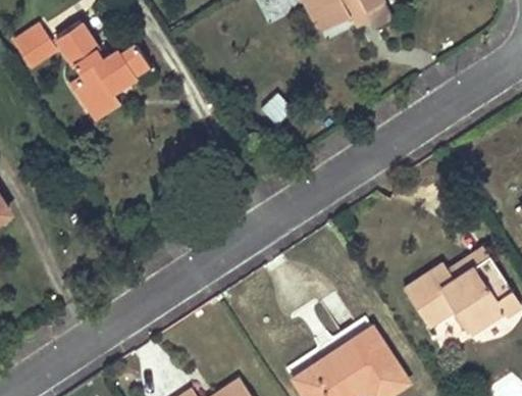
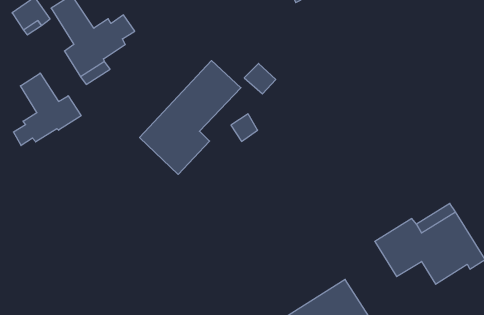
building: none -> [140,61,241,174]
building: none -> [13,73,81,146]

